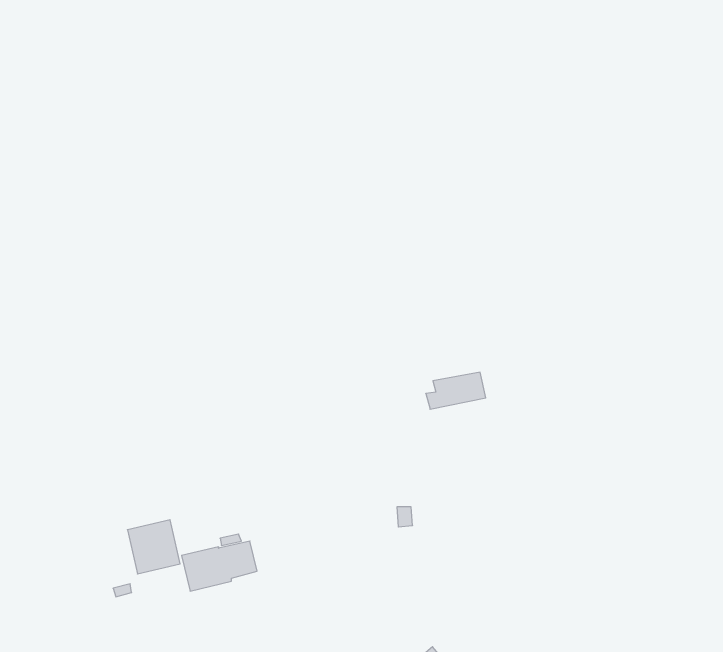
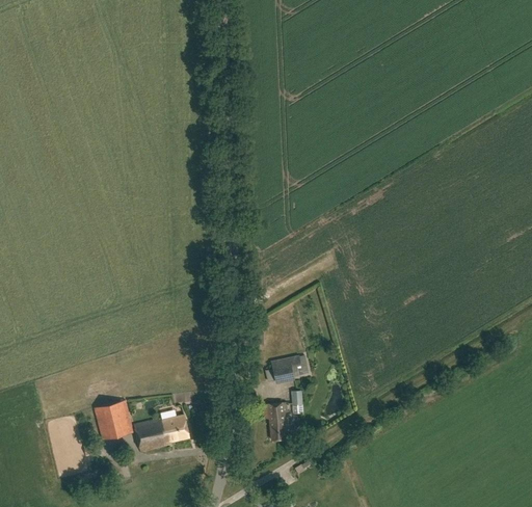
building: [426,372,486,409] -> [265,355,309,382]
building: none -> [264,403,289,442]

